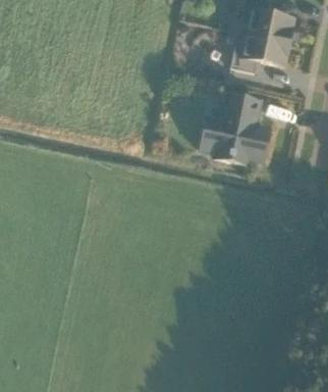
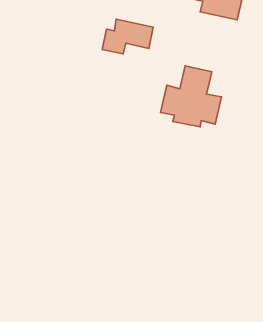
building: [231,32,290,71] -> [102,19,153,54]

